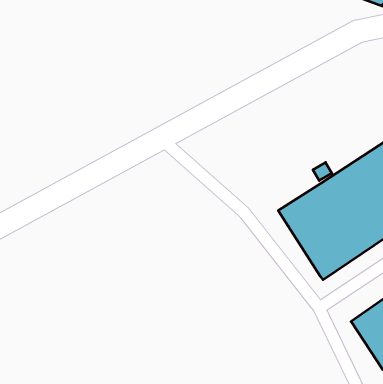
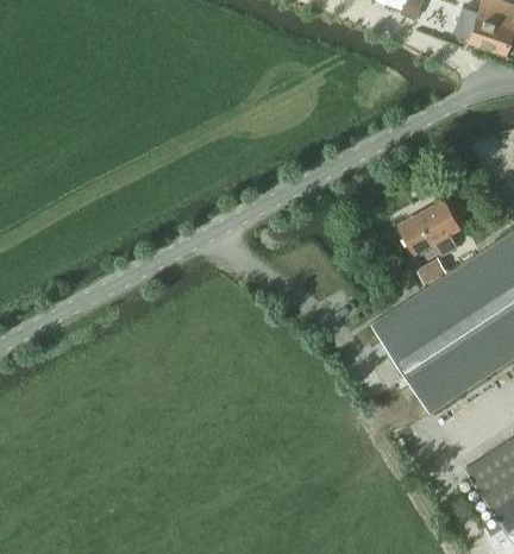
building: none -> [400,201,459,256]

